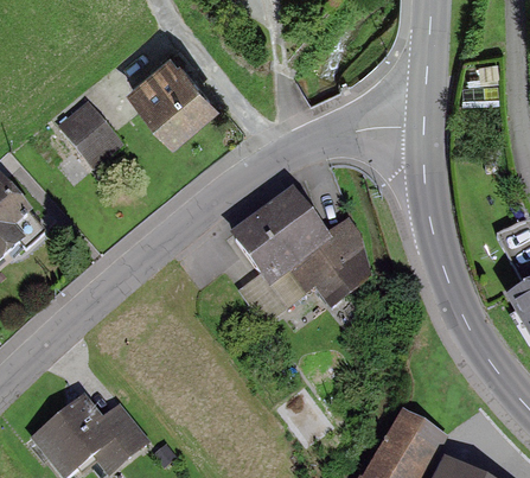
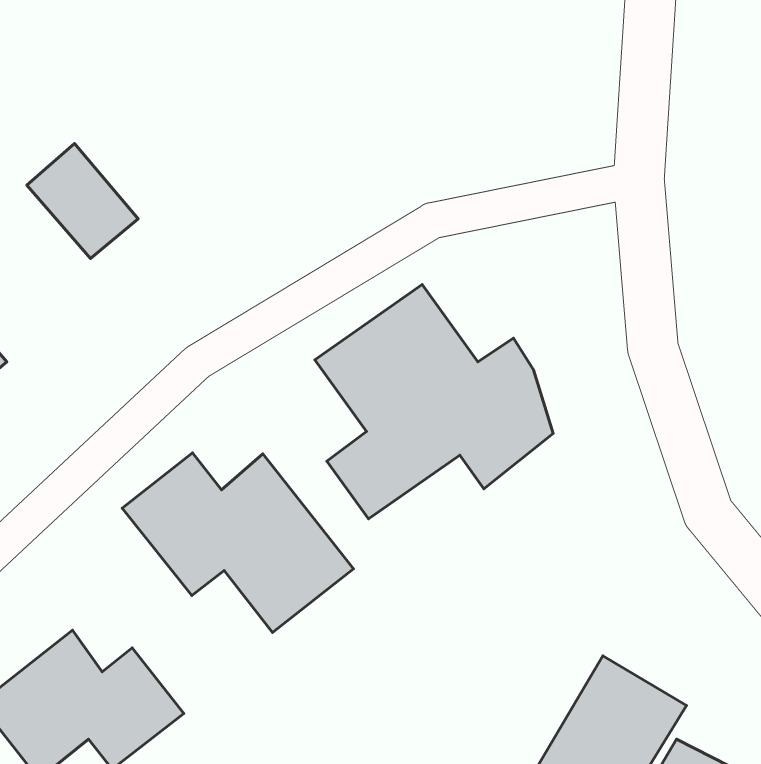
building: [128,62,218,151] -> none
building: none -> [122,453,353,633]

